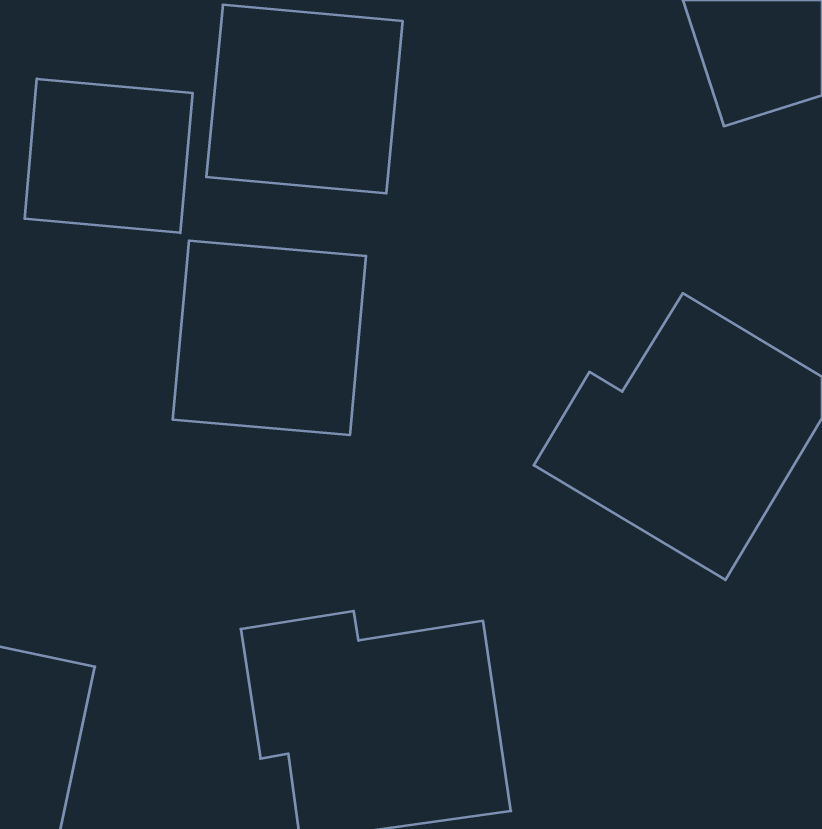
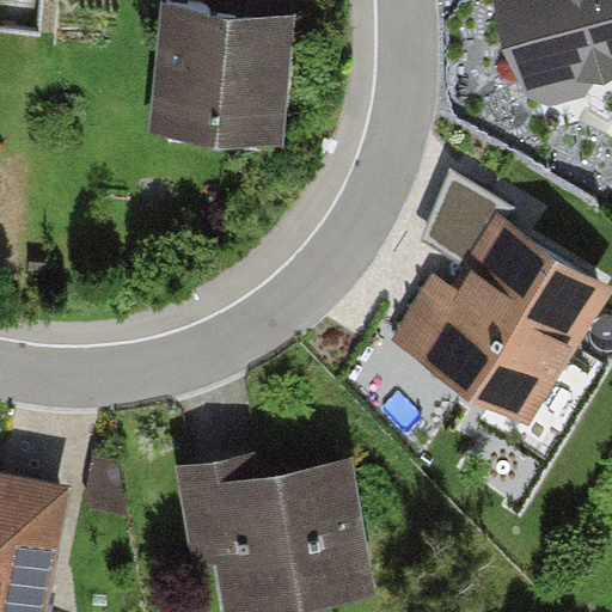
building: [25,79,192,233] -> none
building: [173,241,366,435] -> none

